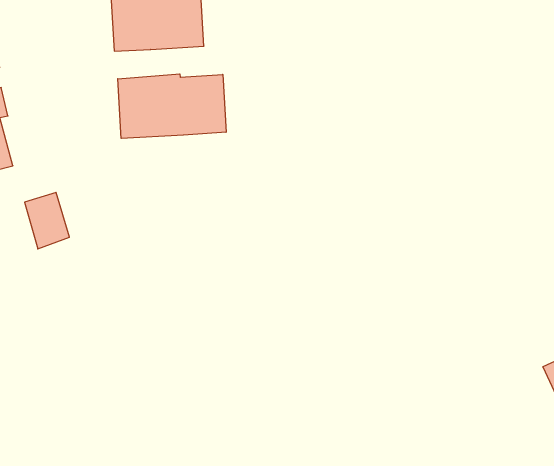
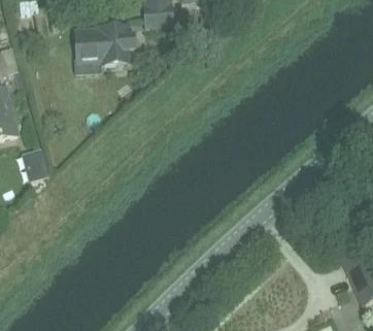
building: [118,74,226,138] -> none

